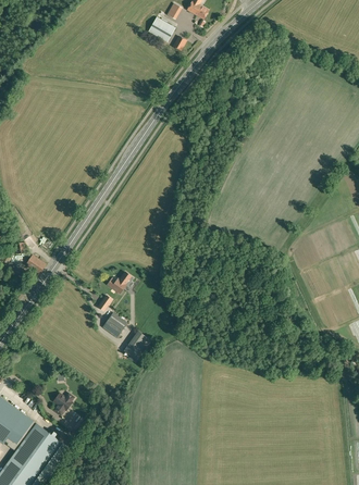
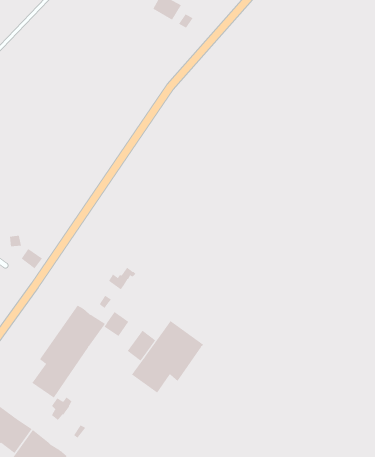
building: none -> [32,305,106,398]
building: none -> [131,320,204,394]

